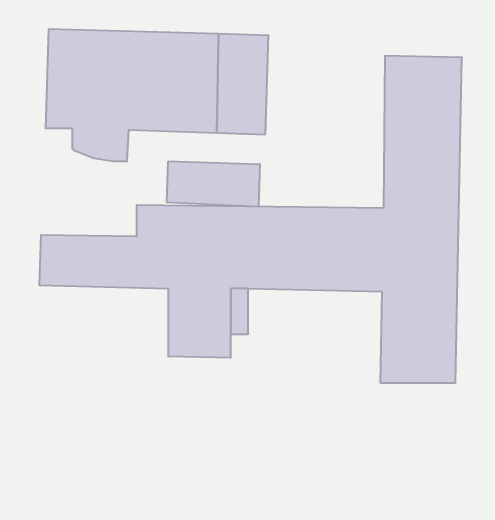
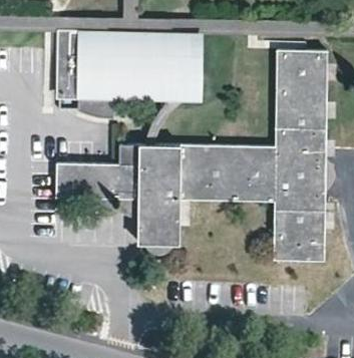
building: [167,161,260,207] -> none

